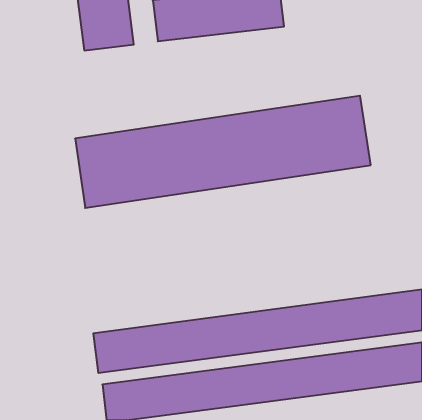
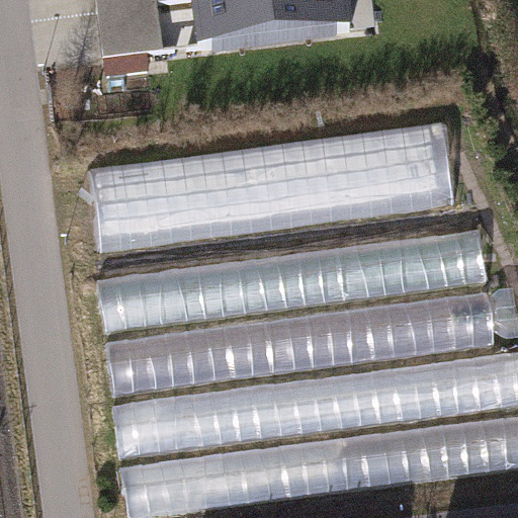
building: none -> [98,233,486,330]
building: none -> [107,294,495,394]

